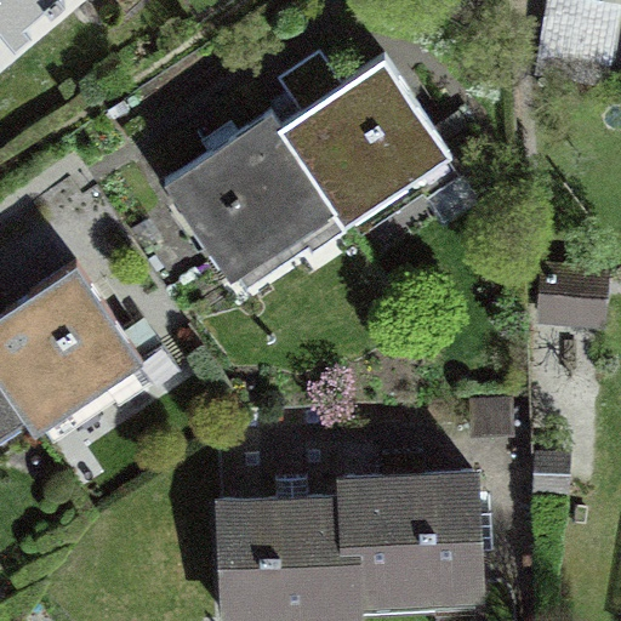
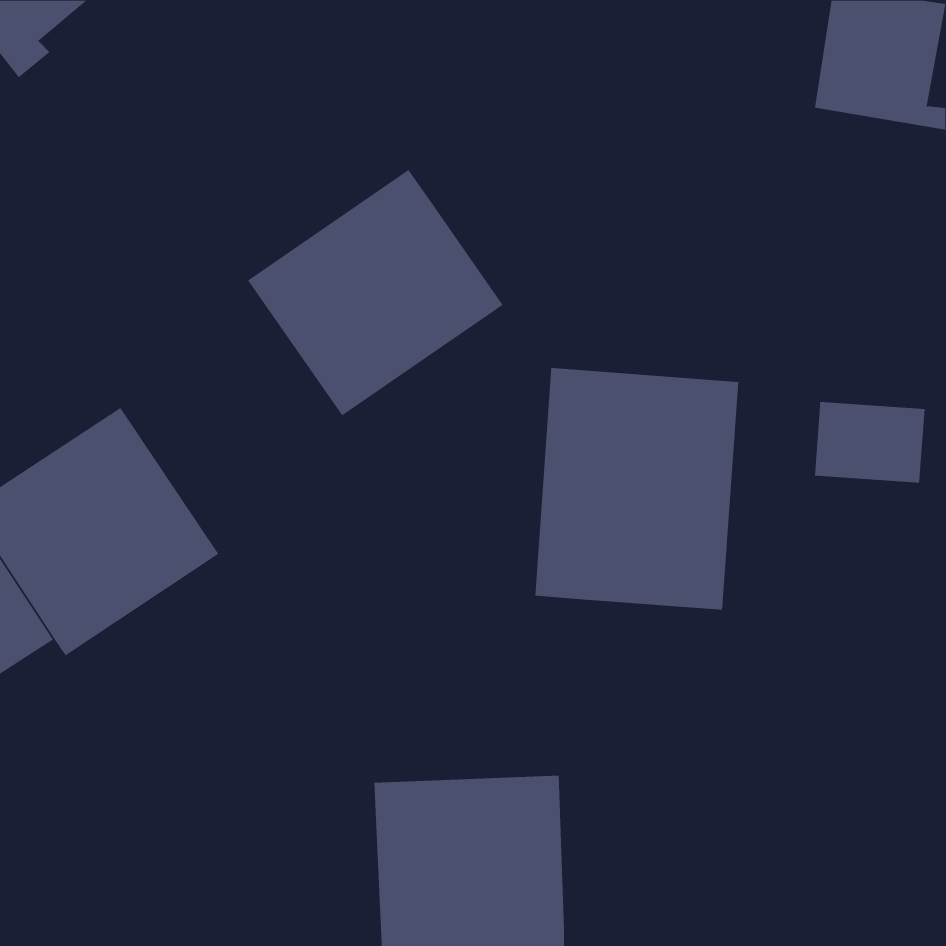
building: [281,61,446,220] -> none
building: none -> [535,367,739,611]
building: [364,491,488,609] -> none

